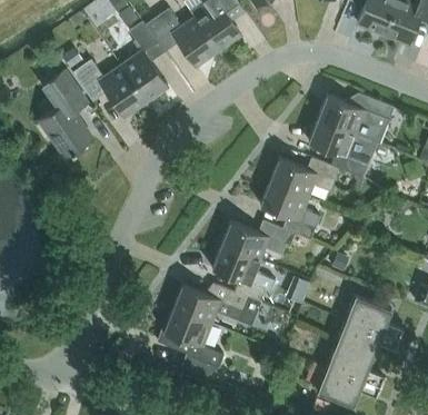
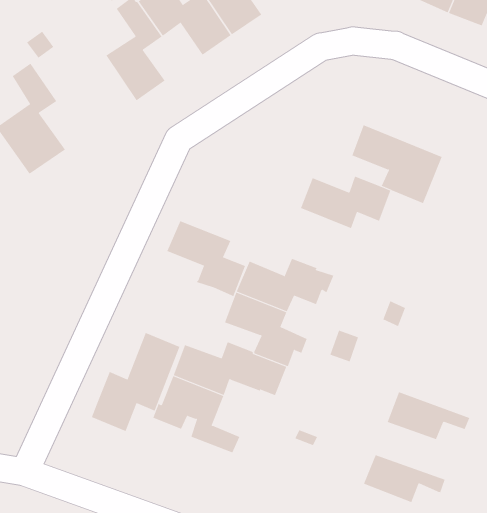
building: [73,59,146,116] -> none
building: [318,92,395,144] -> none
building: [260,181,320,239] -> [167,220,246,297]
building: none -> [91,332,180,432]
building: [345,295,402,340] -> none
building: [327,344,385,387] -> none

